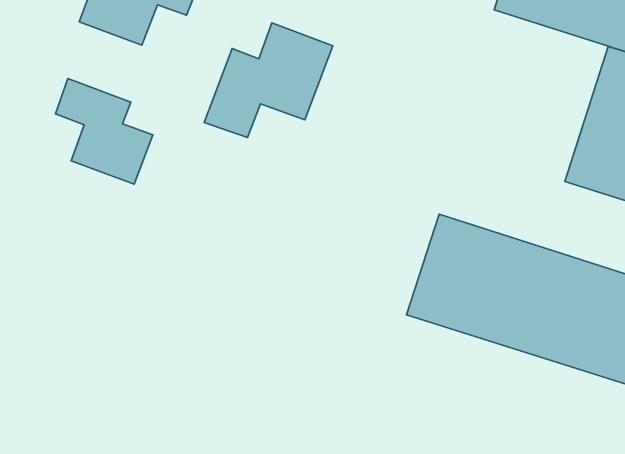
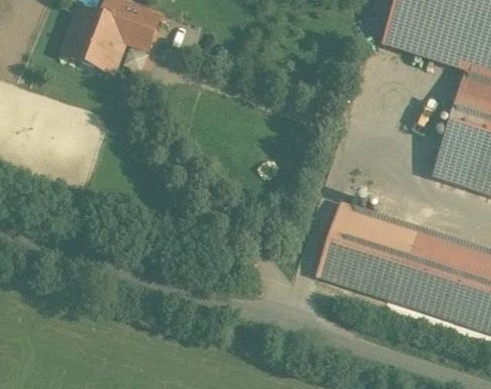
building: [204,23,333,137] -> none
building: [56,79,153,184] -> none

